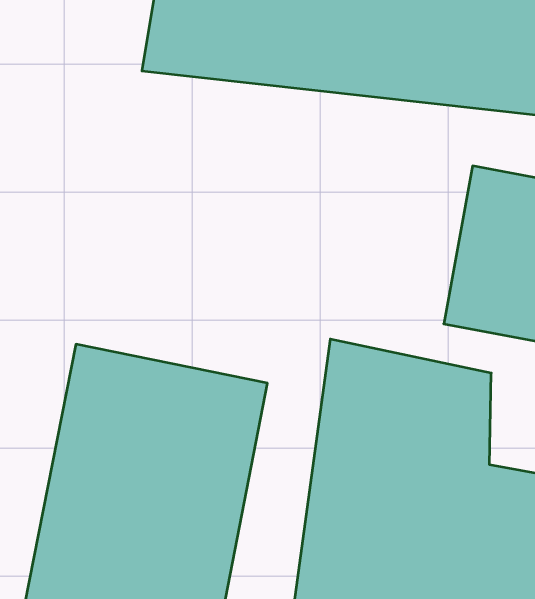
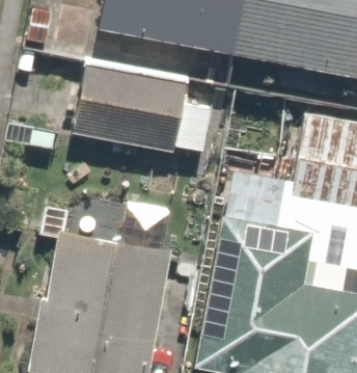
building: none -> [65,51,195,151]

